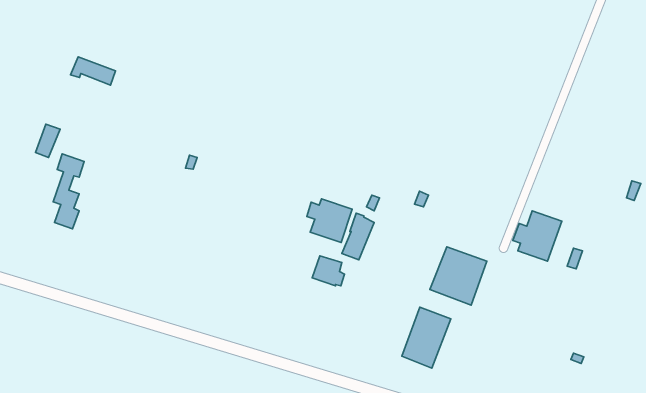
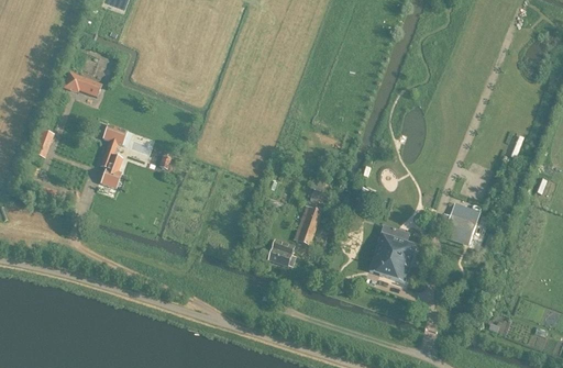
building: [53,154,84,229] -> [101,124,128,188]
building: [307,199,352,242] -> none
building: [402,307,451,368] -> none

